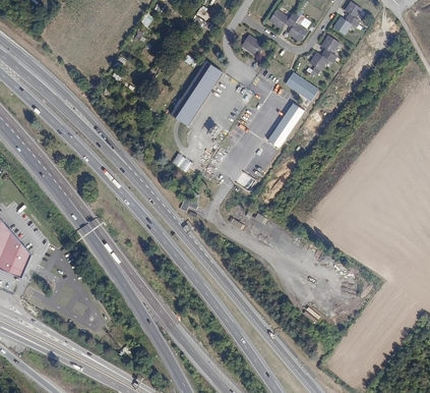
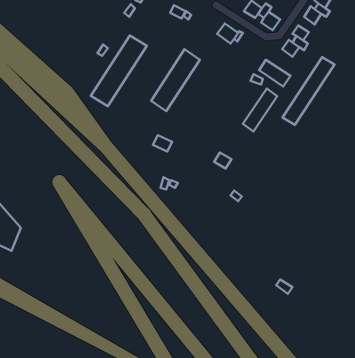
building: none -> [91,36,147,106]
building: none -> [283,57,334,125]

